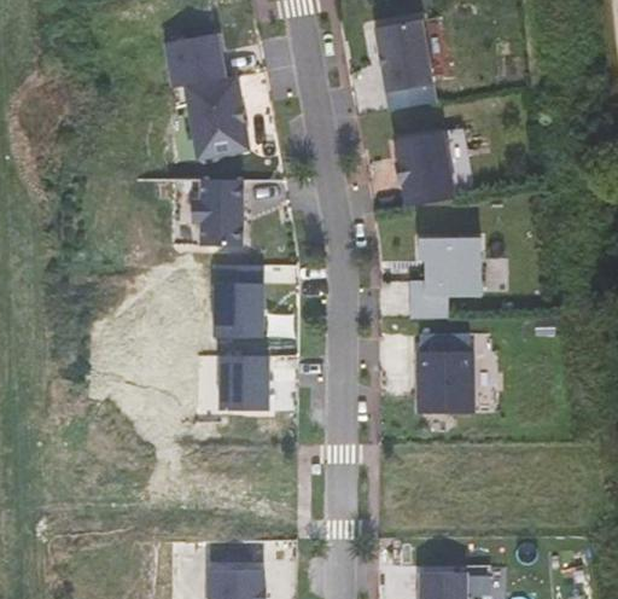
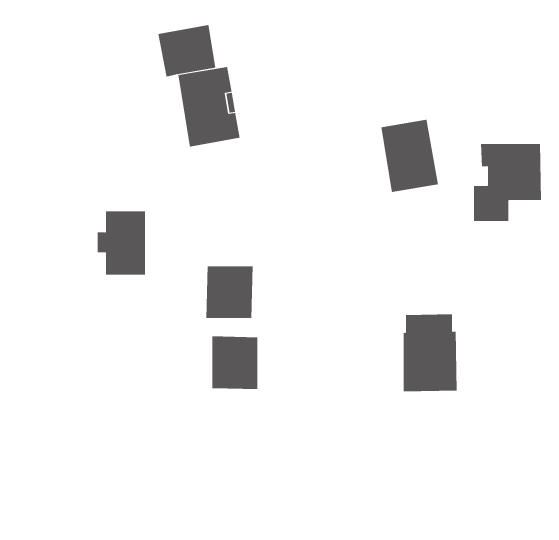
building: [375,19,433,92] -> none
building: [193,179,244,245] -> [97,211,146,275]
building: [412,237,483,318] -> [473,143,542,222]

